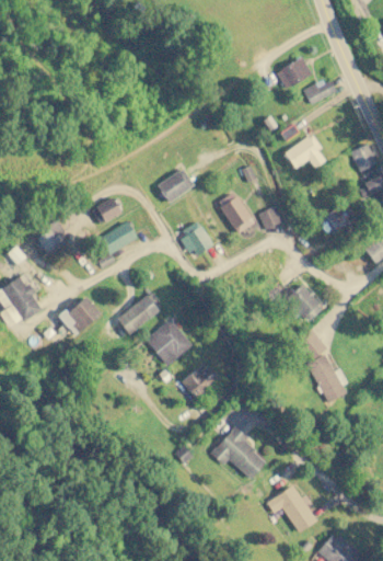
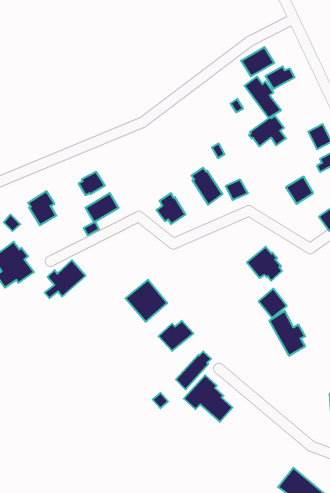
building: none -> [244,77,281,118]
building: [156,169,195,204] -> none
building: [117,295,160,334] -> none
building: none -> [176,351,211,389]
building: [267,484,318,533] -> none

